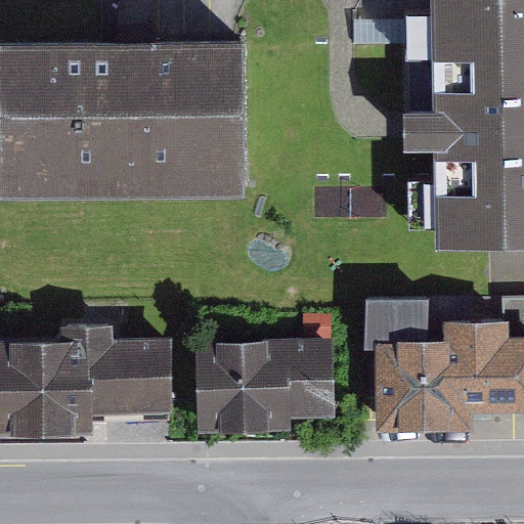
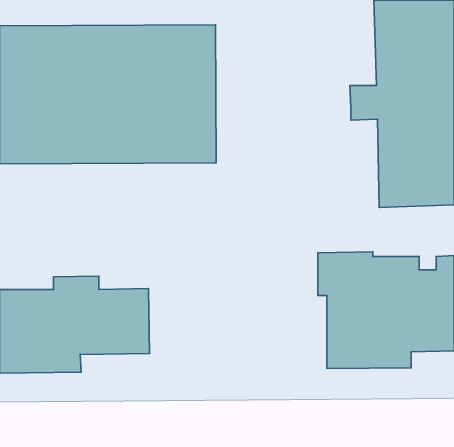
building: [195,342,335,436] -> none

